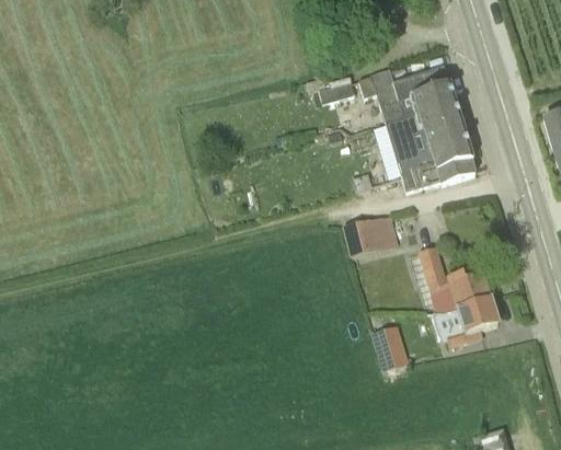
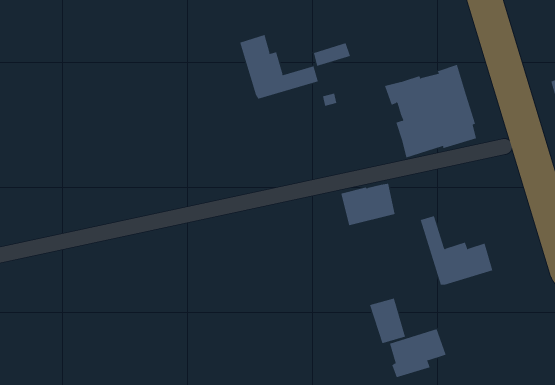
building: [358,65,456,123] -> none
building: none -> [240,34,319,100]
building: [444,299,499,346] -> [389,329,446,378]

